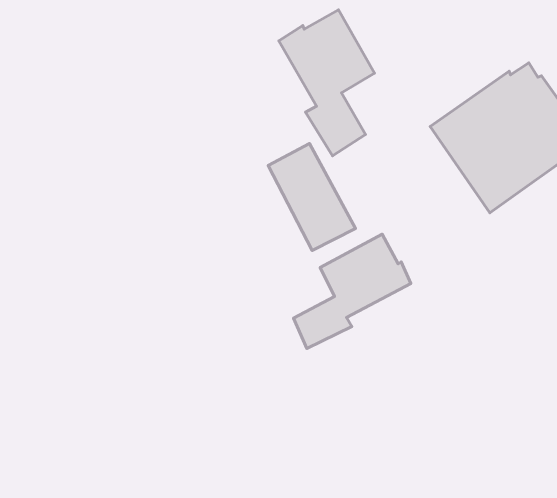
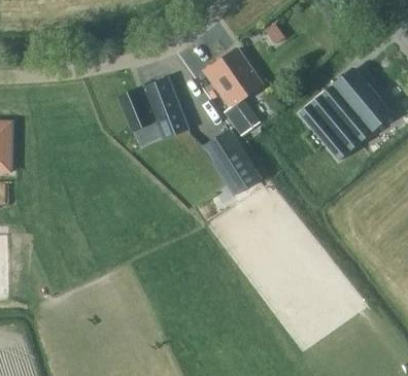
building: none -> [117,78,188,139]
building: [293,234,411,348] -> none

